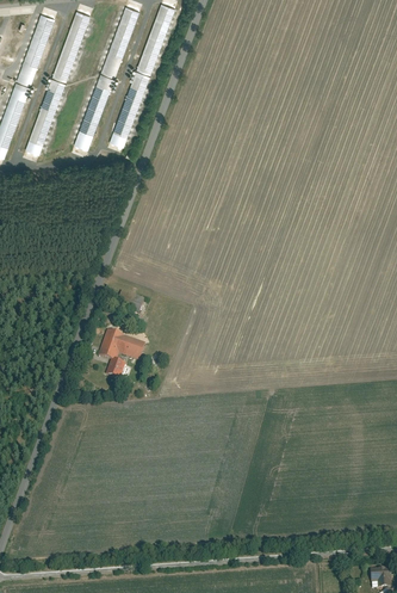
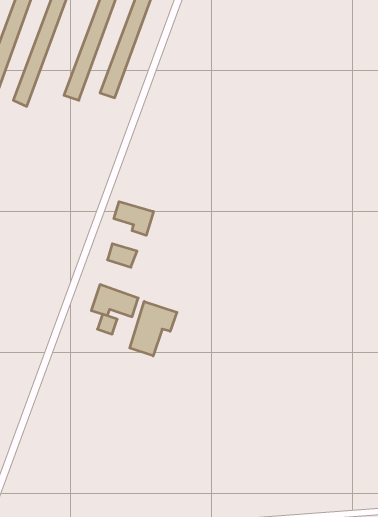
building: none -> [114,202,153,235]
building: none -> [130,301,177,356]

